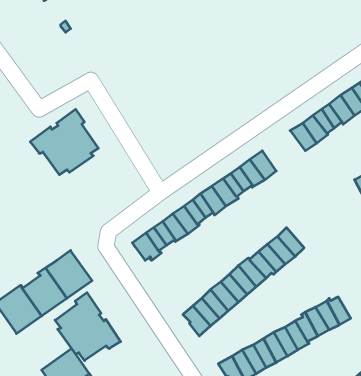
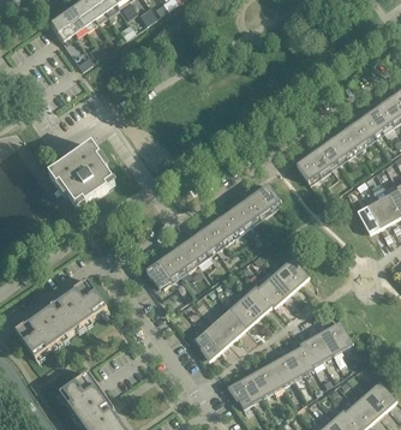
building: [55,293,121,361] -> none

